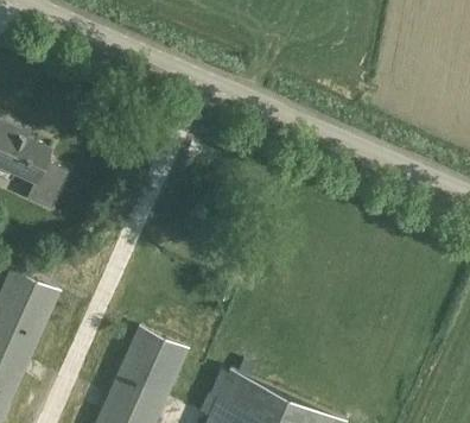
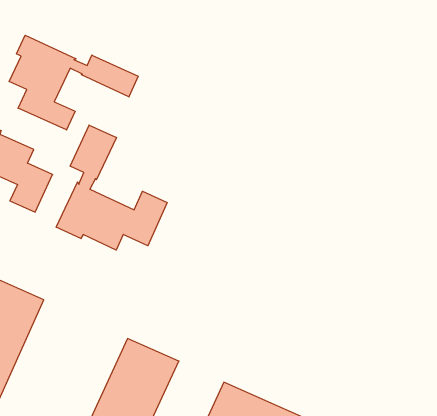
building: none -> [9,35,138,130]
building: none -> [56,125,167,250]

